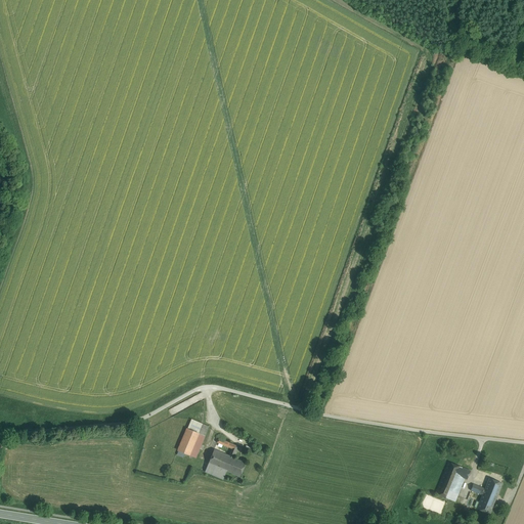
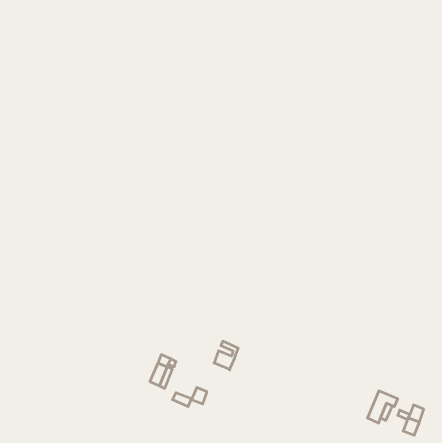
building: [208,438,236,472] -> [214,341,238,370]

